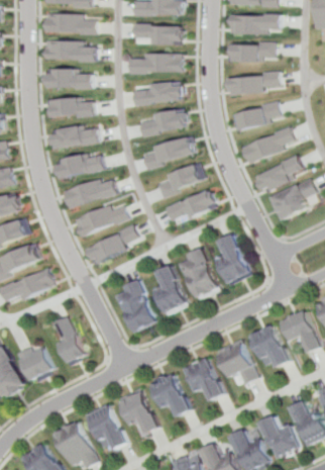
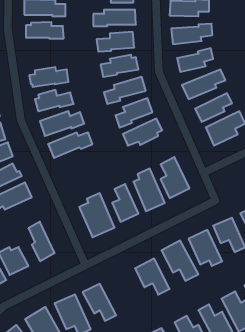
building: [47,96,95,117] -> none
building: [87,222,139,264] -> none
building: [149,375,192,419] -> none

